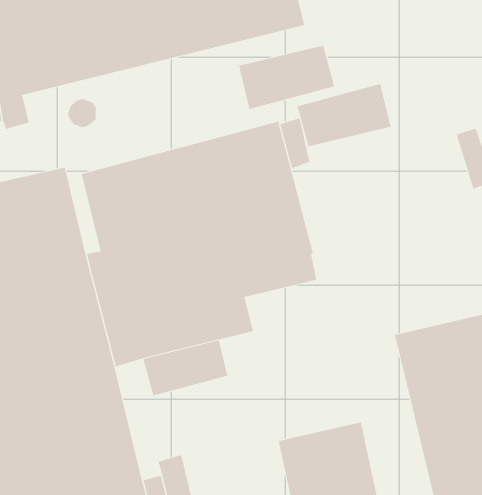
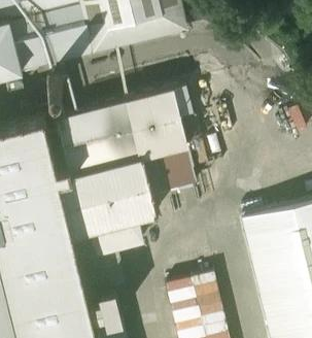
building: [239,45,335,110] -> none
building: [297,83,391,147] -> none

